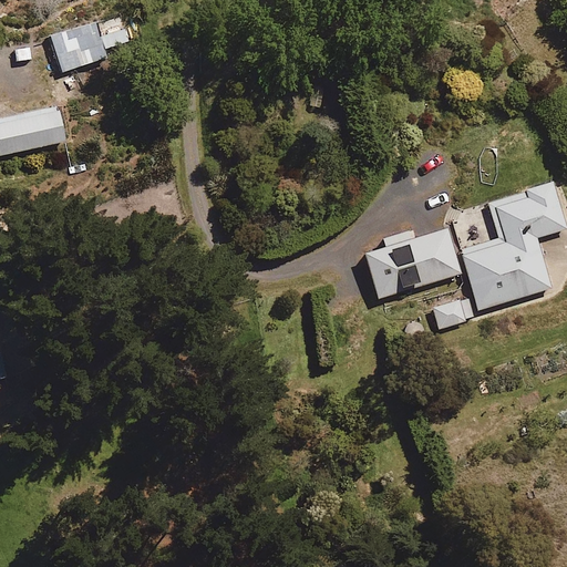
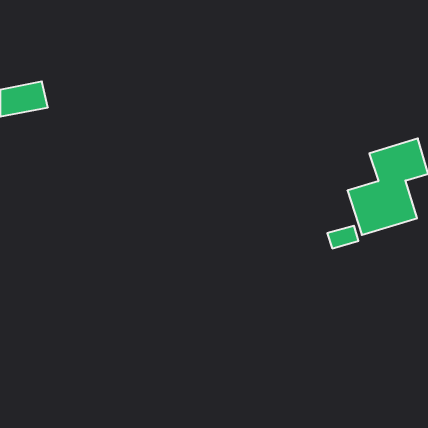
building: [42,27,127,71] -> none
building: [364,229,461,299] -> none

